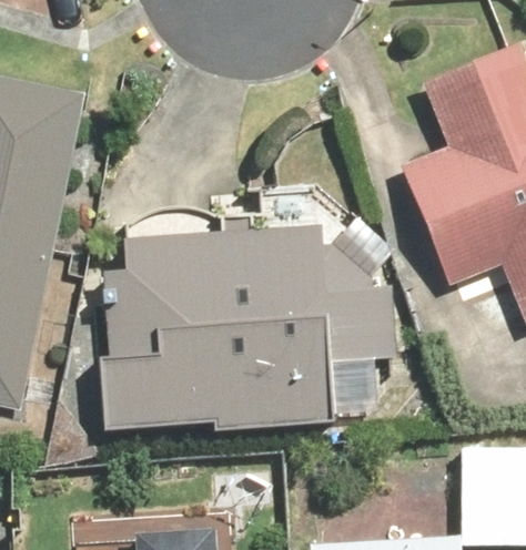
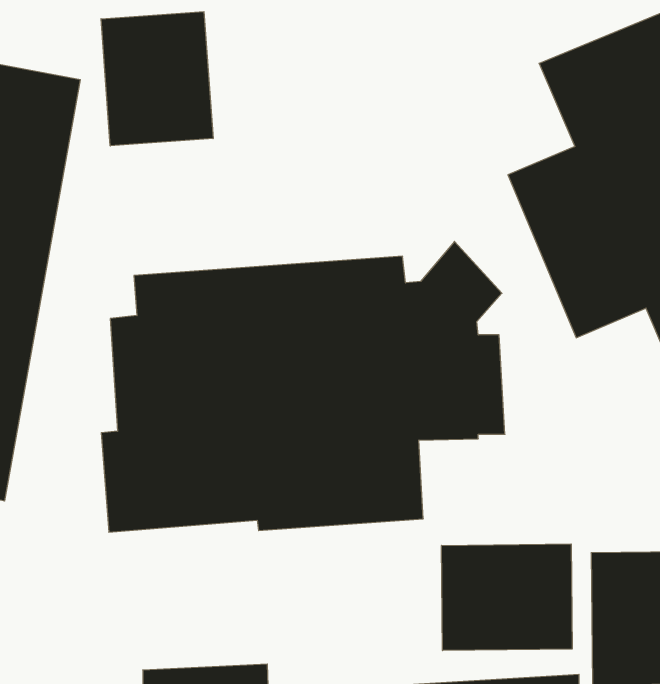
building: none -> [101,12,213,146]
building: none -> [442,544,572,651]

